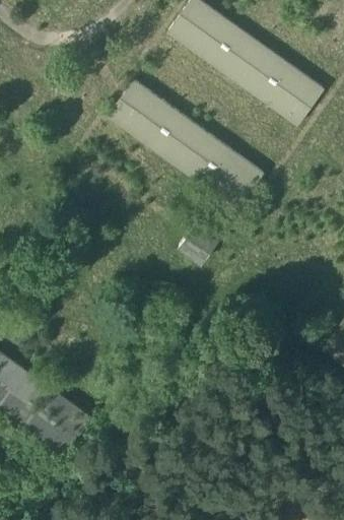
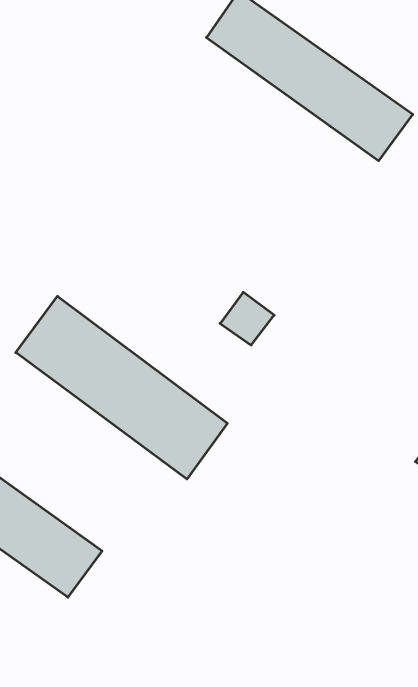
building: [110,81,264,208] -> none
building: none -> [16,296,227,479]

